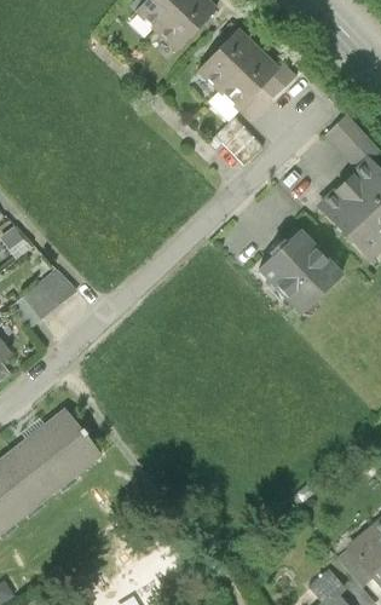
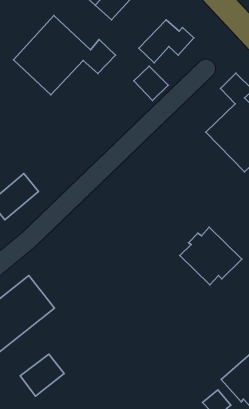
building: [200,28,259,88] -> none
building: none -> [14,15,115,95]
building: [258,227,345,309] -> [180,227,242,285]
building: none -> [20,354,64,396]

